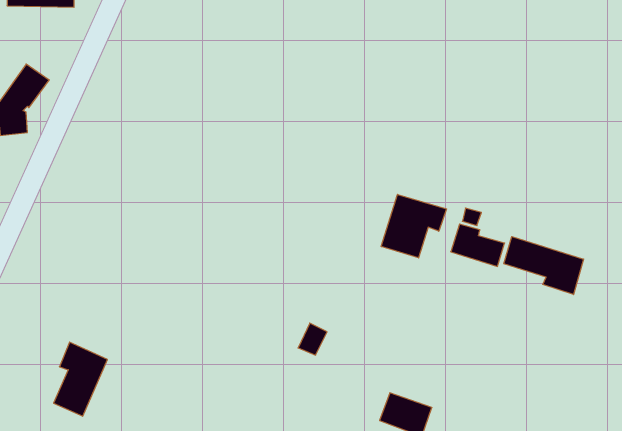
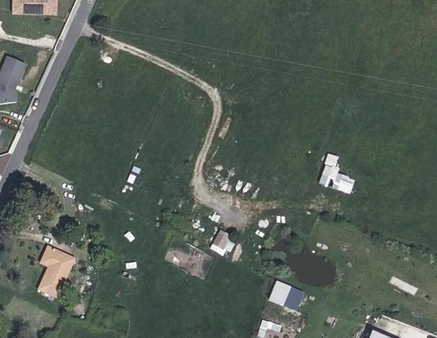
building: [381,194,446,258] -> none
building: [504,237,584,295] -> none

